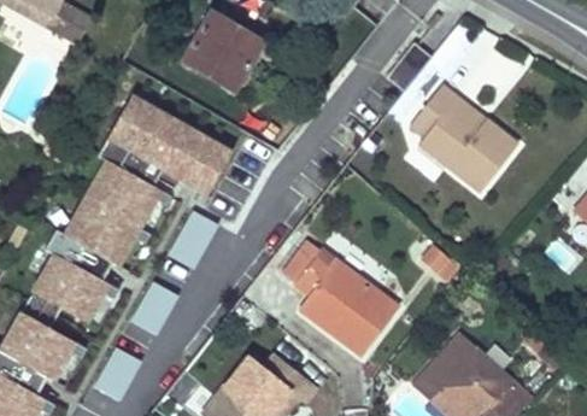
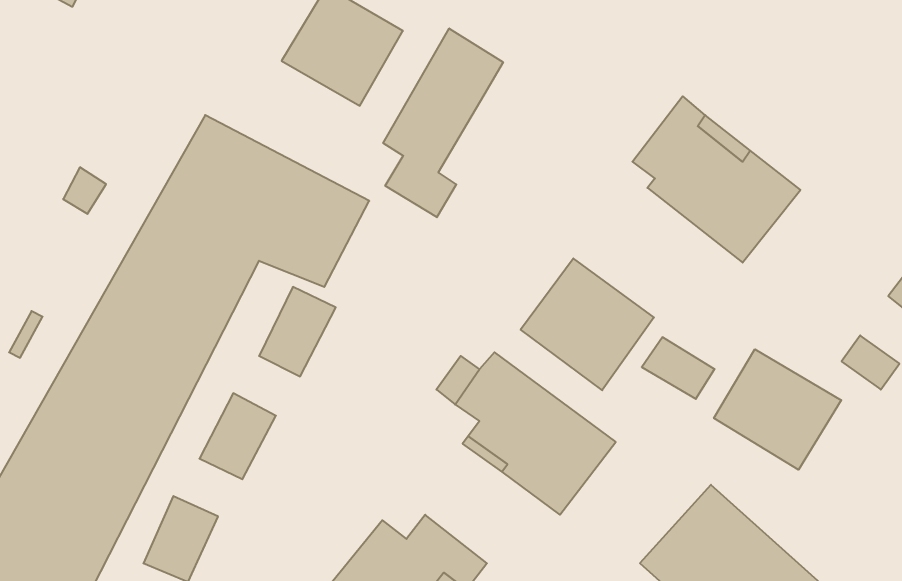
building: none -> [383,28,503,217]
building: none -> [521,258,654,390]
building: none -> [714,349,841,470]

